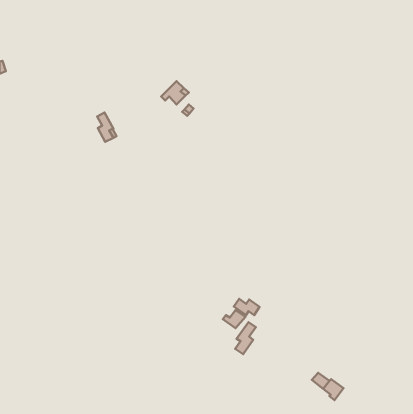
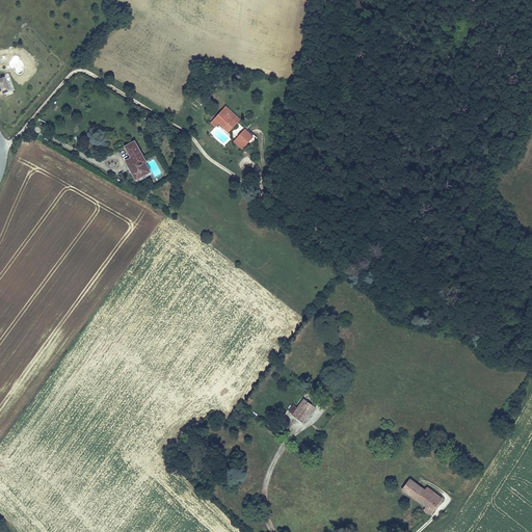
building: [234,299,260,315] -> none
building: [235,322,256,354] -> none

